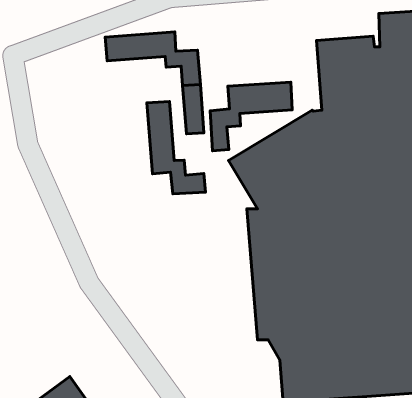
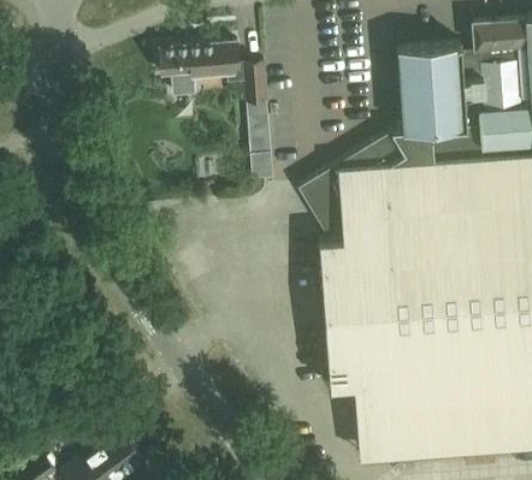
building: [210,82,292,151] -> none
building: [147,102,206,194] -> none

